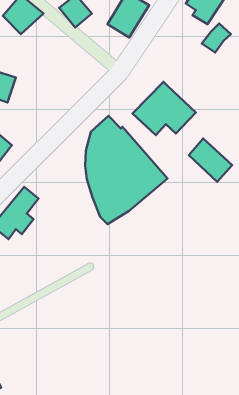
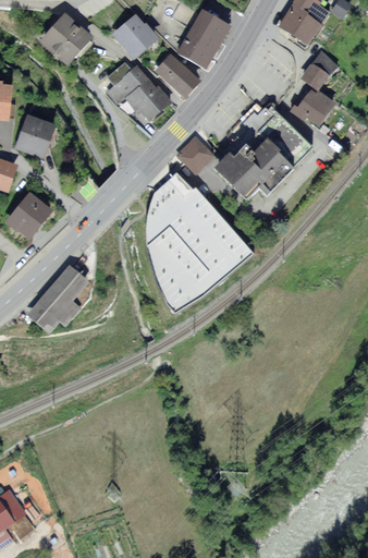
building: none -> [155,53,201,98]
building: none -> [110,63,169,121]
building: none -> [291,89,331,124]
building: none -> [177,135,216,173]
building: [189,138,232,182] -> [255,111,311,168]

